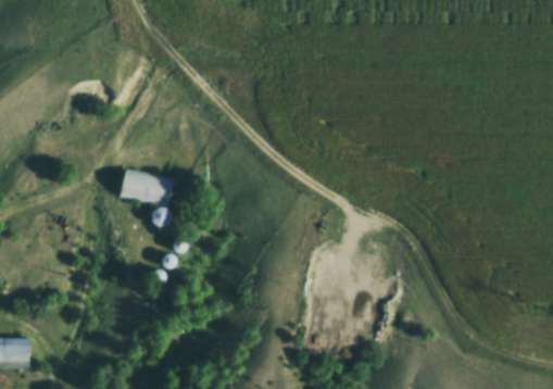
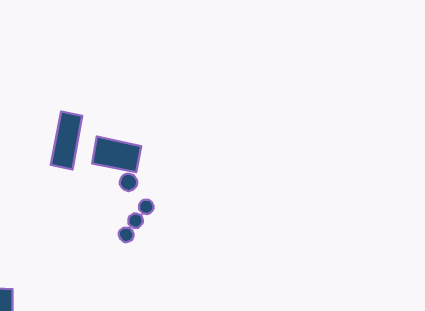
building: none -> [51,112,82,169]

